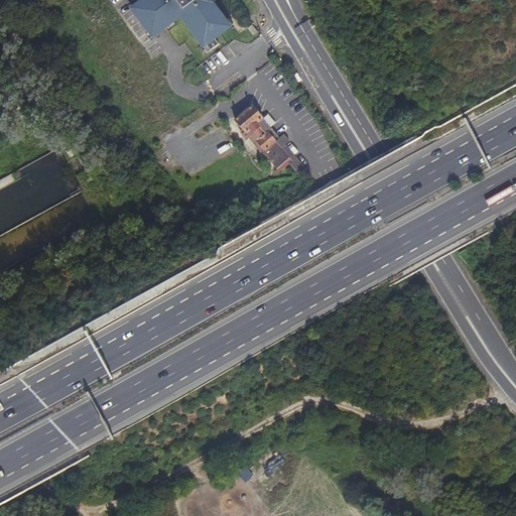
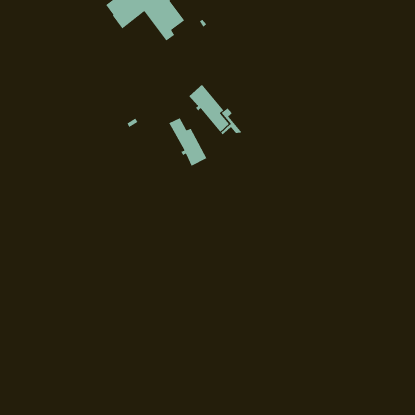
building: none -> [168,117,208,167]

